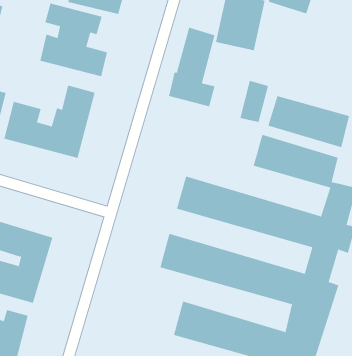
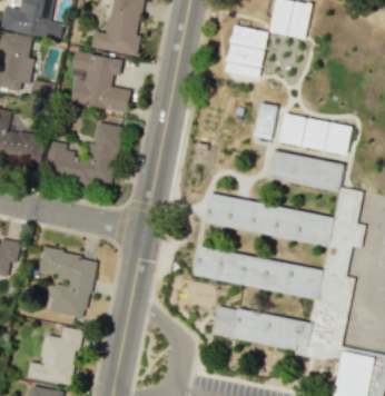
building: [168,27,215,107] -> none

